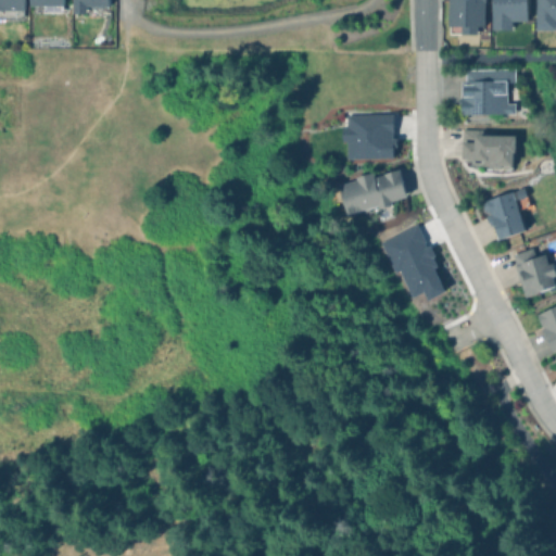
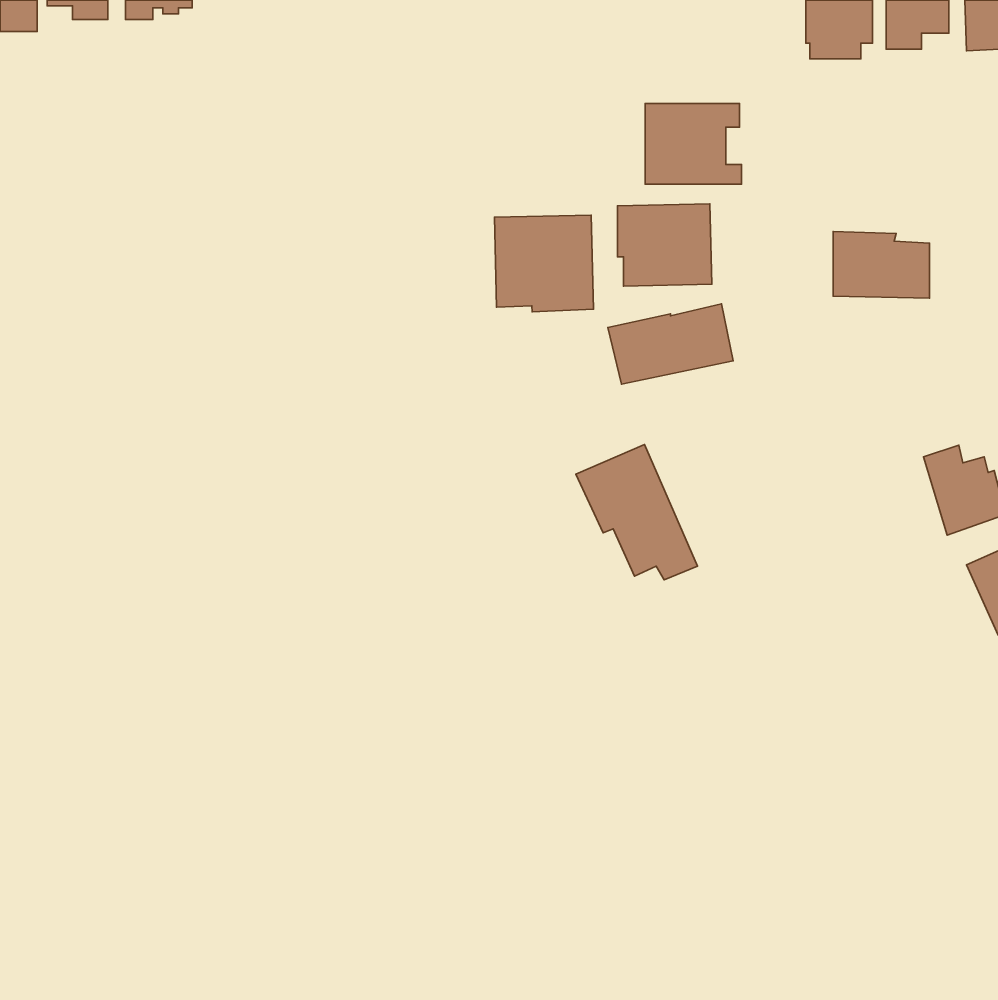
building: [464,70,517,114] -> [645,104,741,184]
building: none -> [495,215,594,312]
building: [486,188,529,240] -> none
building: [381,225,448,300] -> [576,445,697,580]

